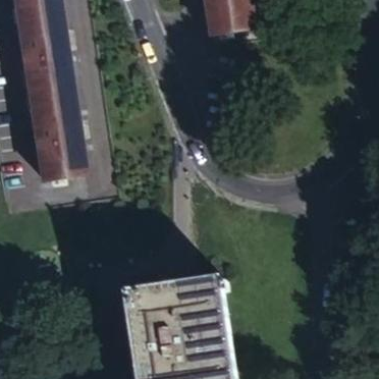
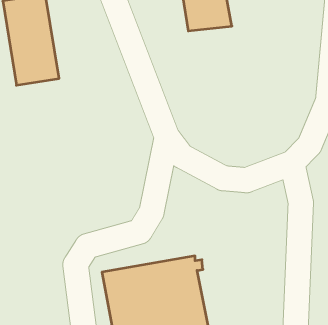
building: [26,85,84,181] -> none

